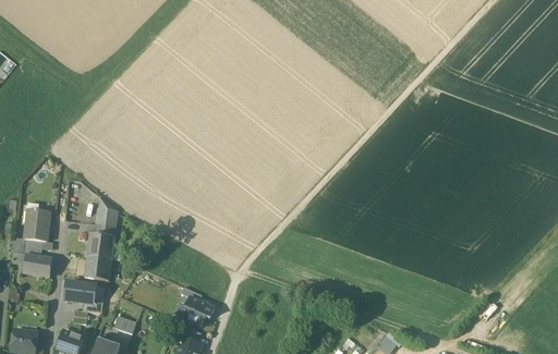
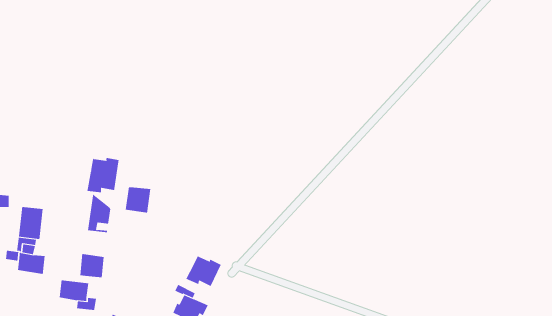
building: none -> [87,157,119,193]
building: [87,233,113,259] -> [125,187,151,213]
building: none -> [185,255,222,287]

